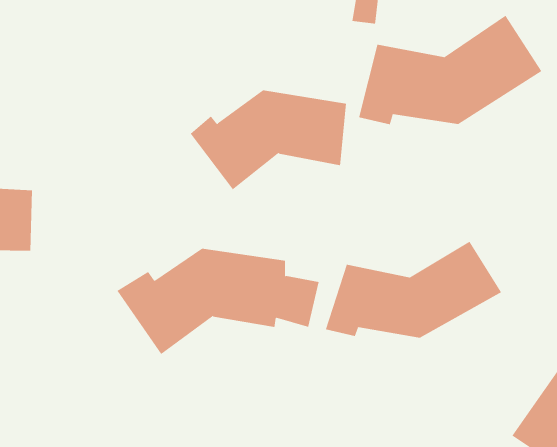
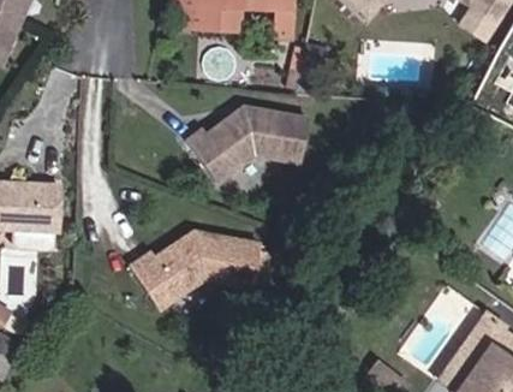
building: [358,15,542,125] -> none
building: [325,241,502,338] -> none

